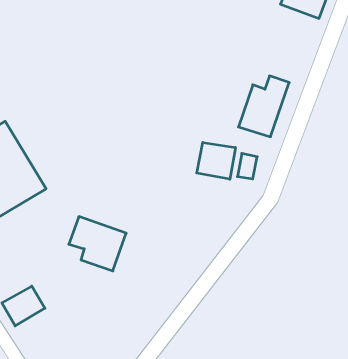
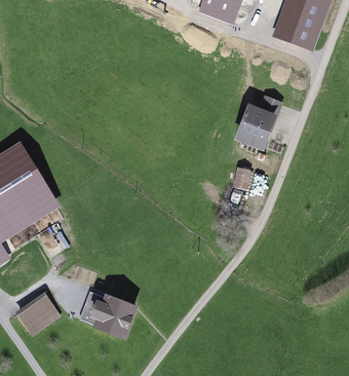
building: [197,142,235,179] -> none
building: [69,217,126,271] -> [83,291,137,341]

